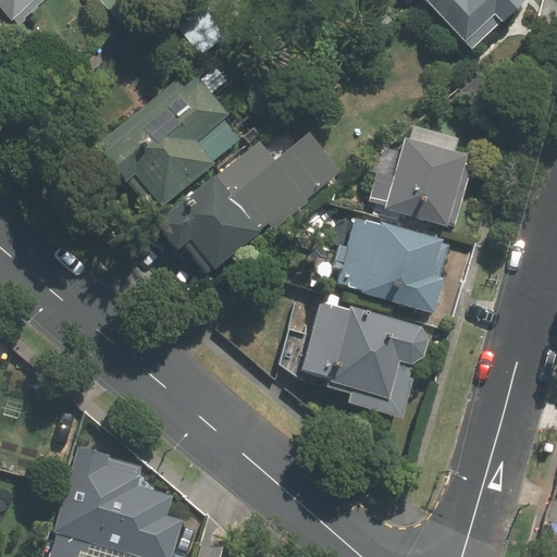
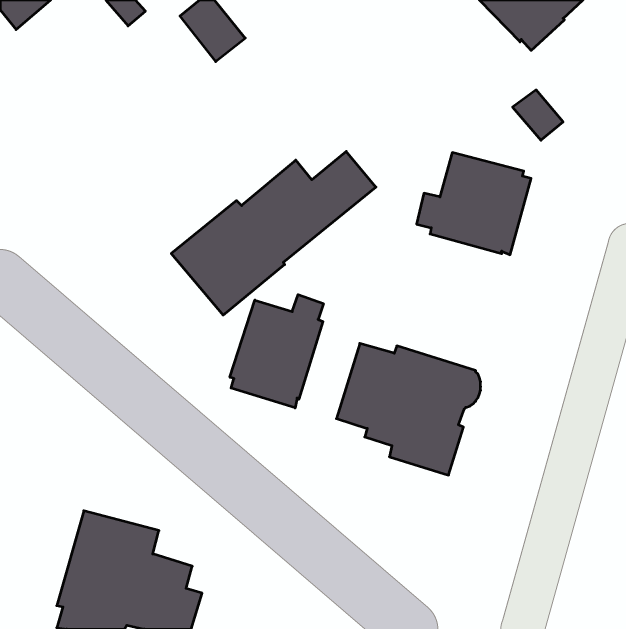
building: [85,81,237,224] -> none
building: [338,212,451,305] -> none
building: none -> [230,295,323,408]

